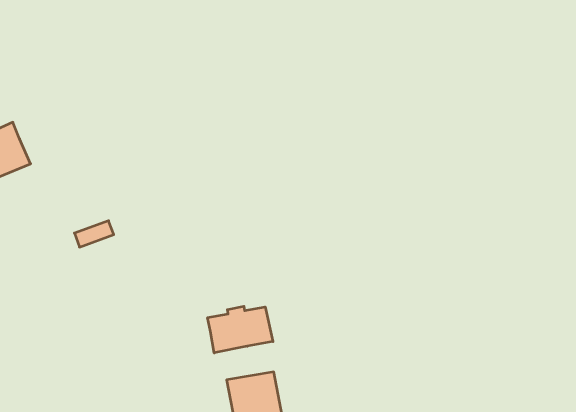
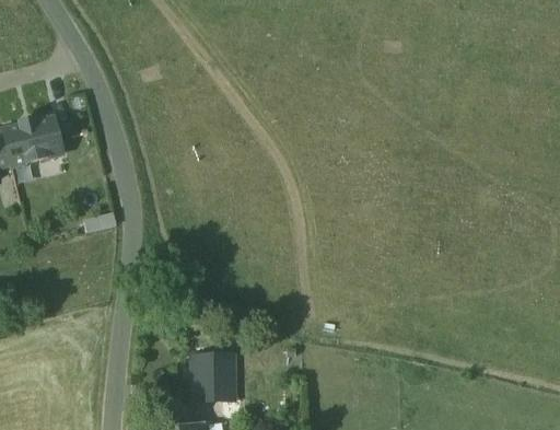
building: [208,306,273,353] -> none

